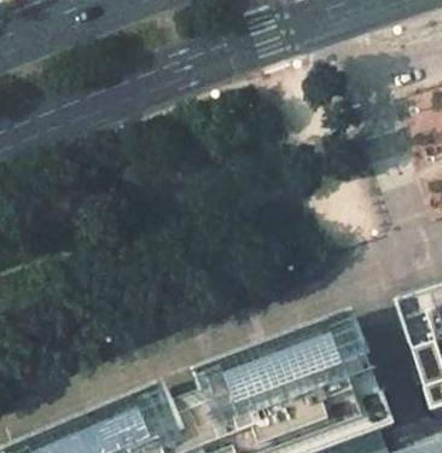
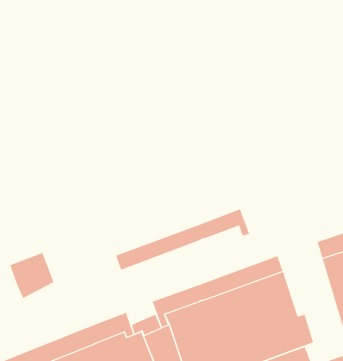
building: none -> [115,209,250,271]
building: none -> [10,252,54,299]

